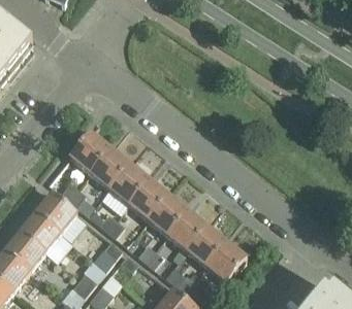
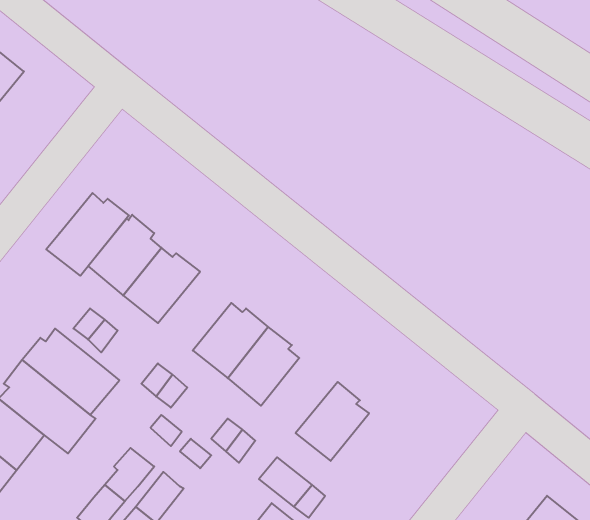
building: none -> [46,193,129,276]
building: [106,161,148,205] -> none
building: [164,209,207,251] -> none
building: [203,240,246,283] -> none

